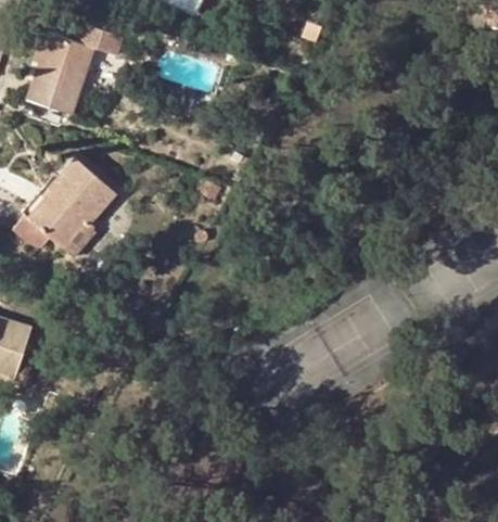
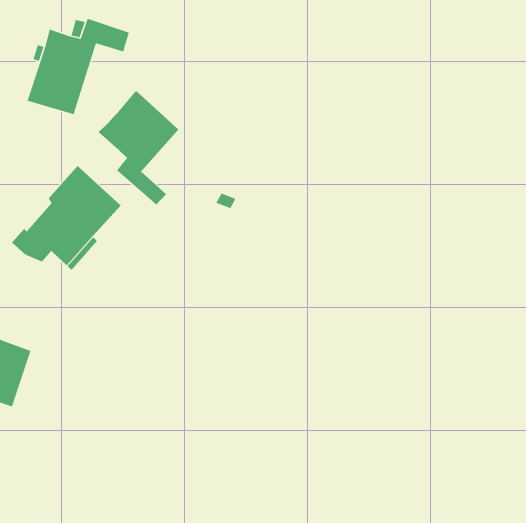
building: none -> [98,90,179,206]

